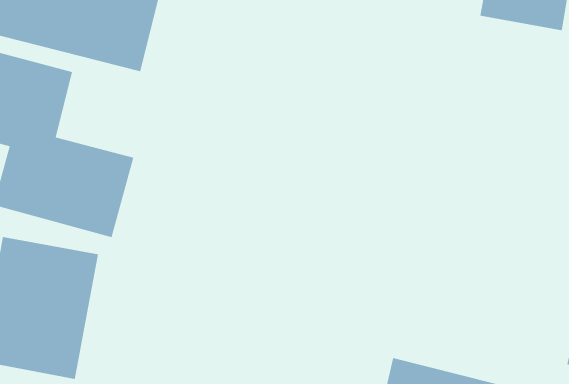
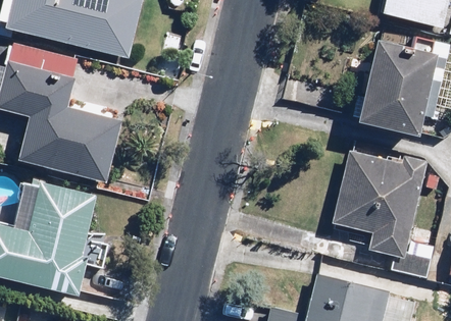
building: none -> [351,41,440,133]
building: none -> [334,150,434,277]

